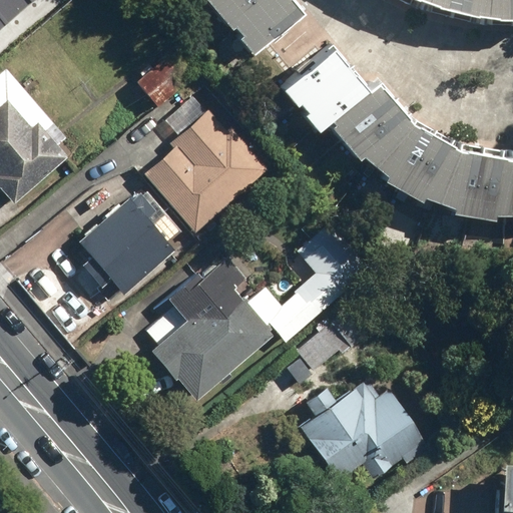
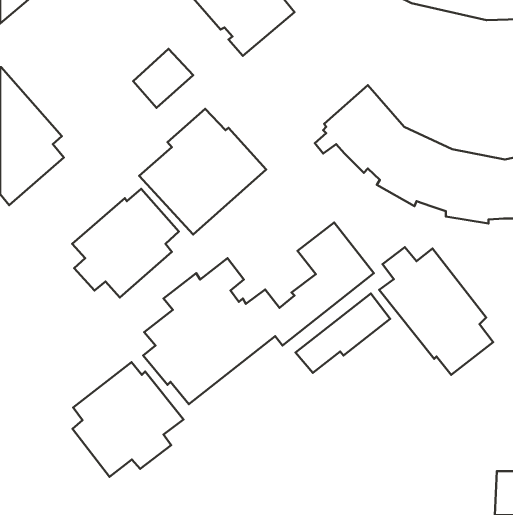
building: [276,47,361,131] -> none
building: none -> [379,247,493,375]
building: none -> [72,362,184,477]
building: [299,377,429,479] -> none

